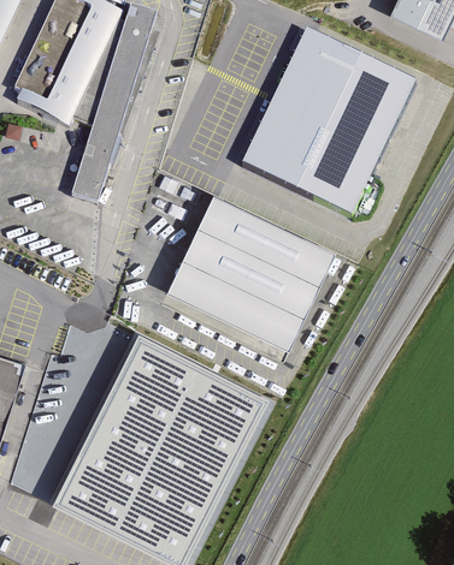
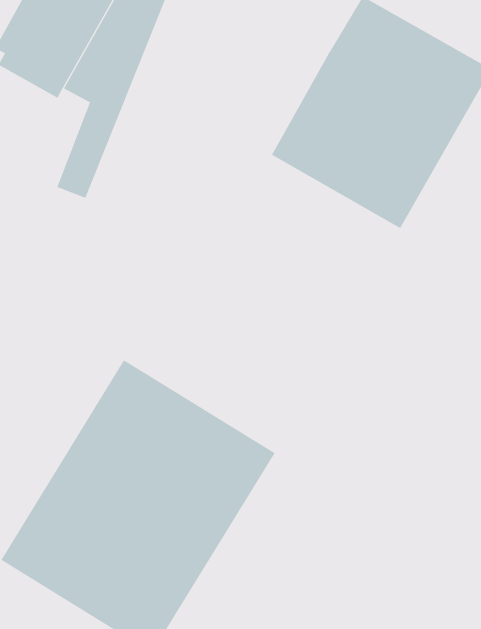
building: [166,195,334,350] -> none

